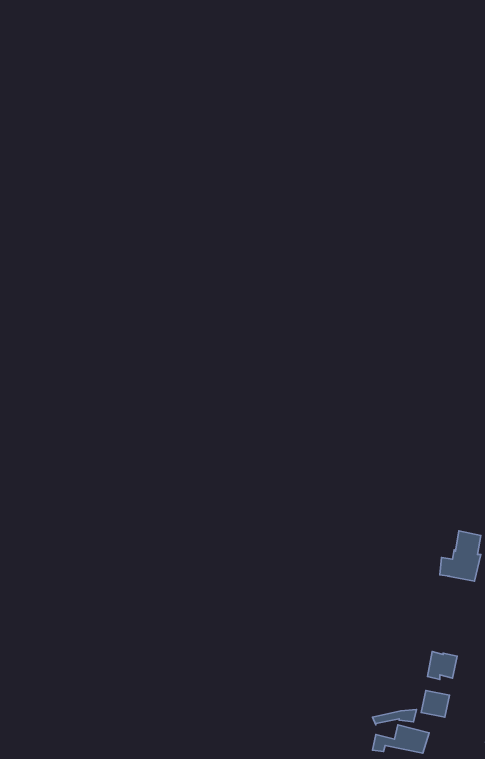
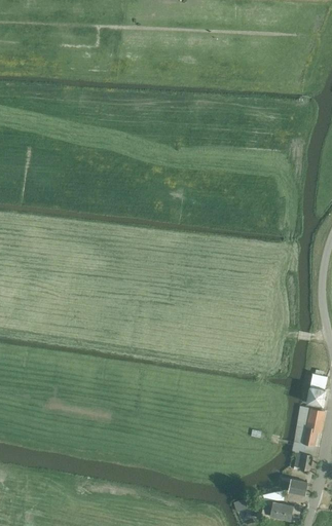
building: none -> [301,408,323,447]

